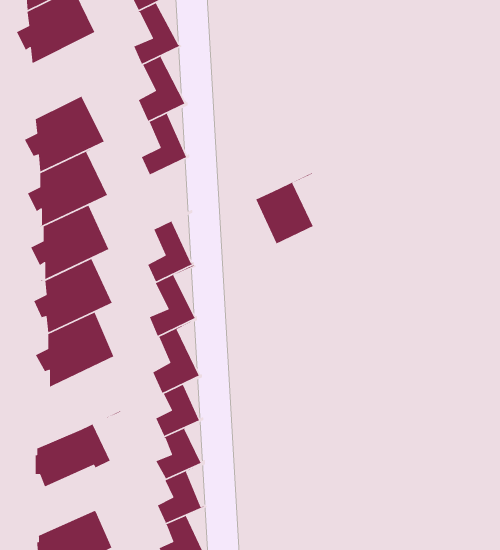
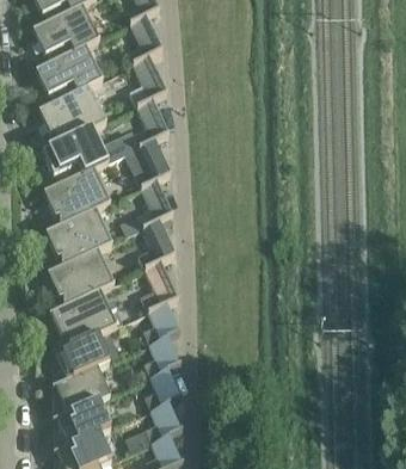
building: none -> [41,35,101,101]
building: [255,172,315,245] -> [124,129,170,184]
building: none -> [48,279,123,350]
building: none -> [50,362,109,412]

